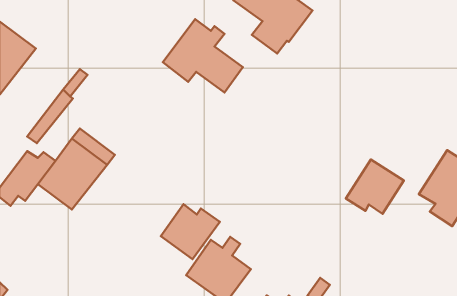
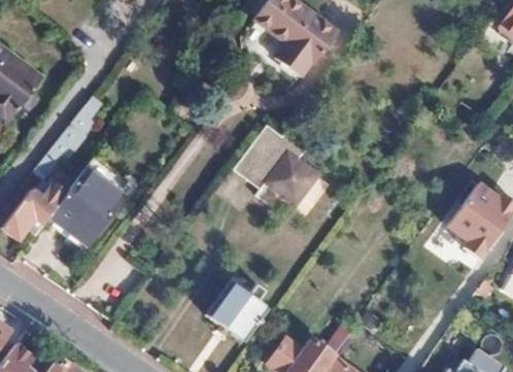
building: [163,19,243,92] -> [234,120,318,197]
building: [346,159,404,214] -> none
building: [161,204,220,259] -> none

